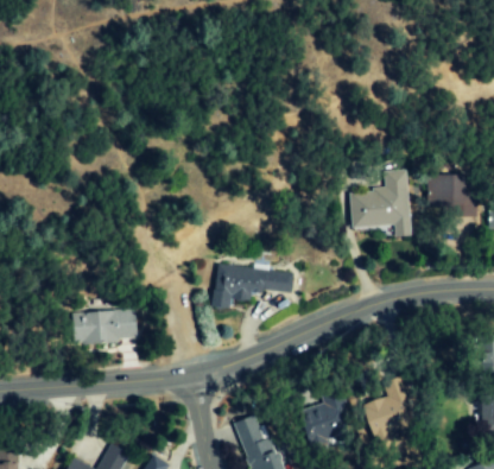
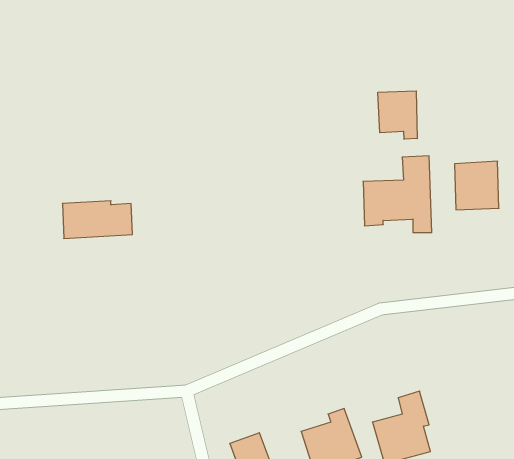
building: none -> [378,91,417,139]
building: [213,266,293,309] -> none
building: [74,311,135,344] -> [62,201,132,238]

